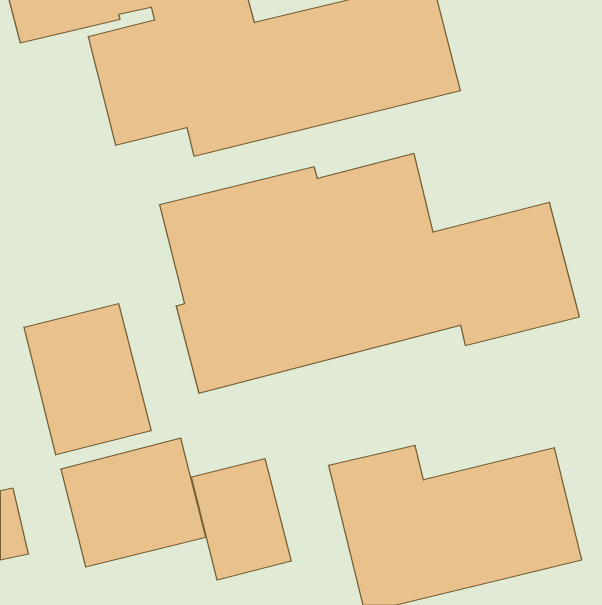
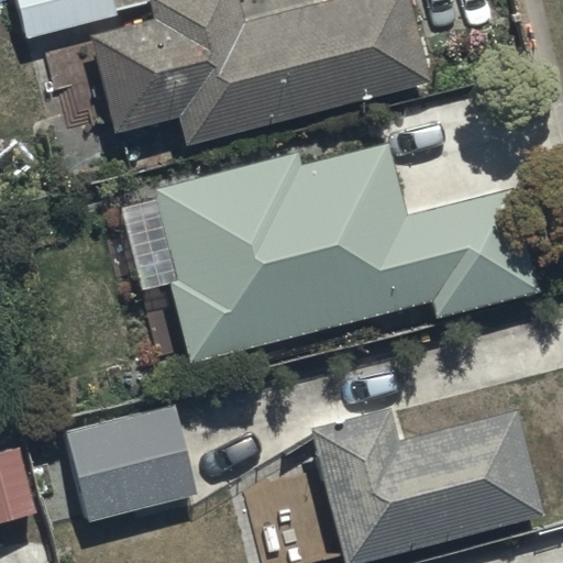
building: [24,304,151,455] -> none
building: [191,459,291,580] -> none

